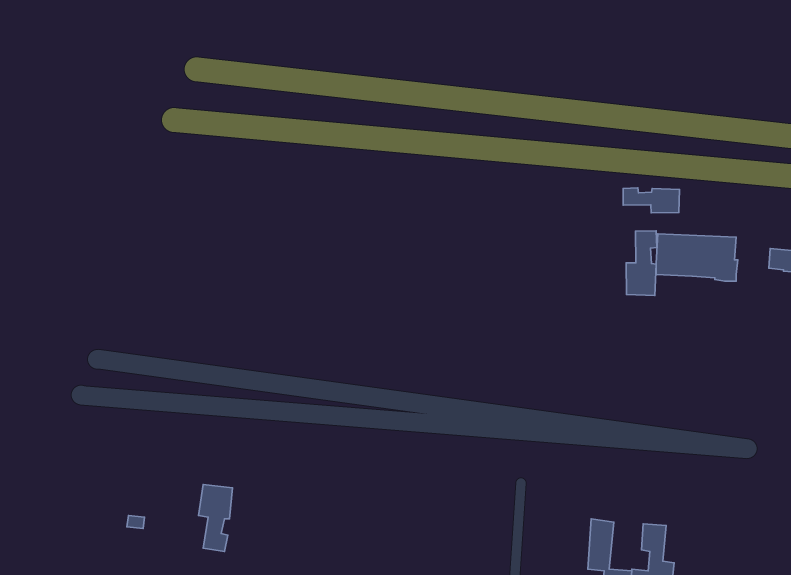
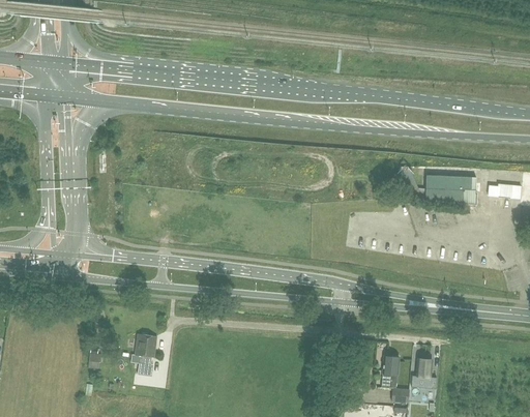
building: [623,188,680,213] -> none
building: [626,231,657,296] -> none

